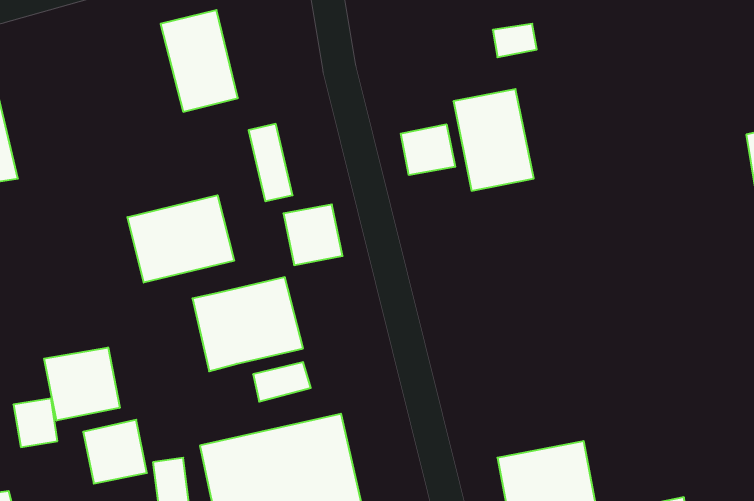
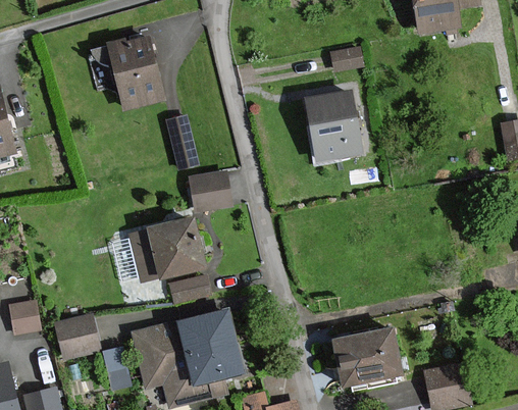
building: [401,124,455,175] -> none
building: [127,195,234,283] -> none
building: [44,347,120,421] -> none

